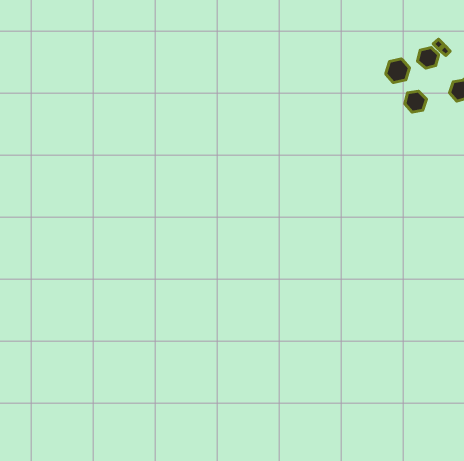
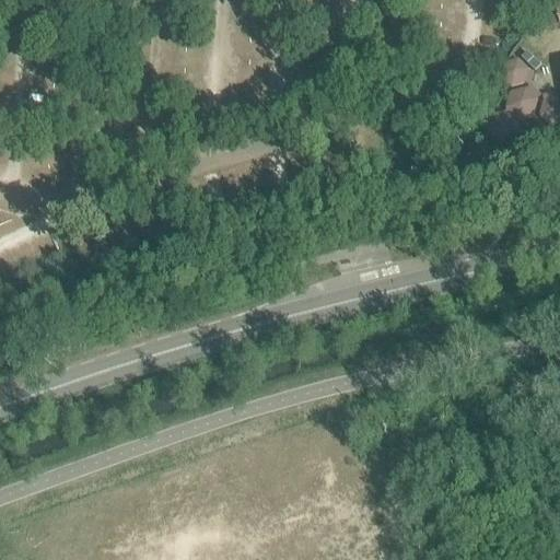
building: [386,59,409,82] -> [510,86,538,115]

